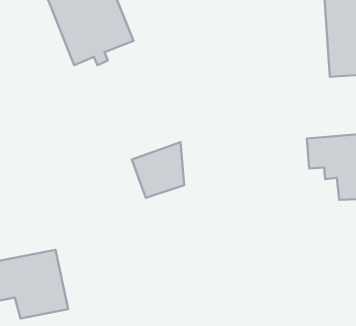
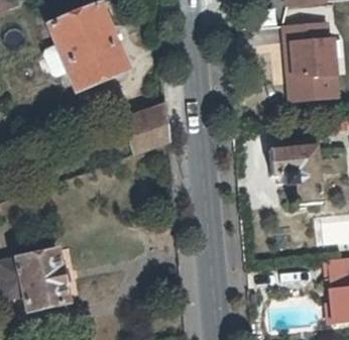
building: [132,142,184,198] -> [118,103,163,151]

